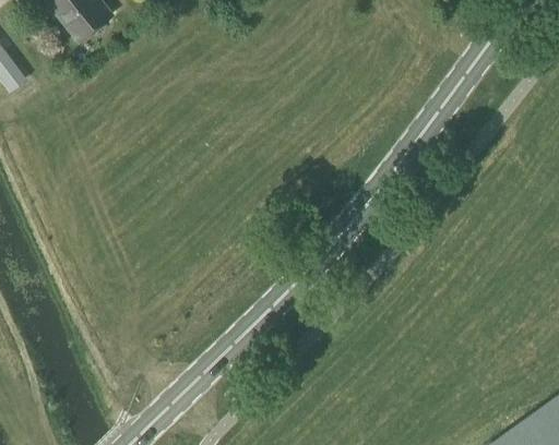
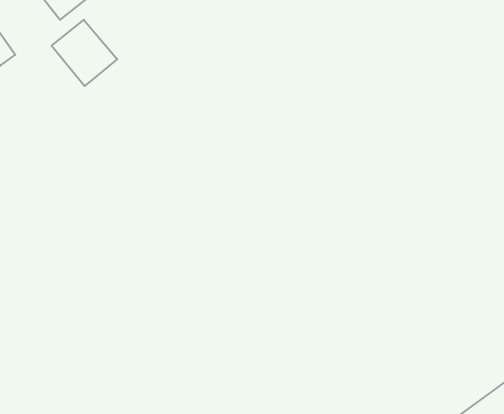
building: none -> [52,20,117,86]

